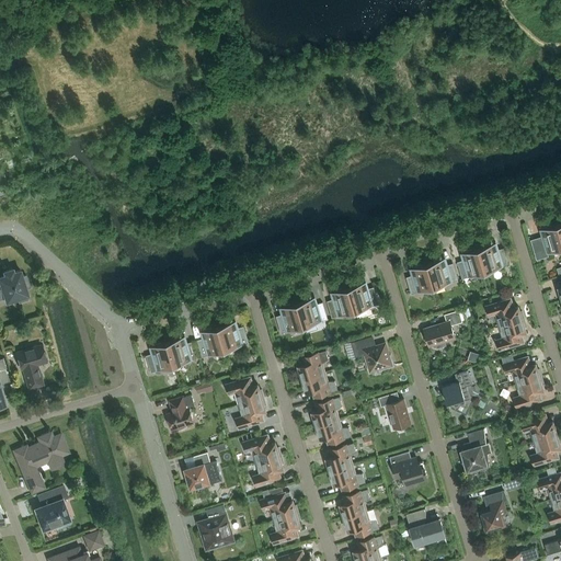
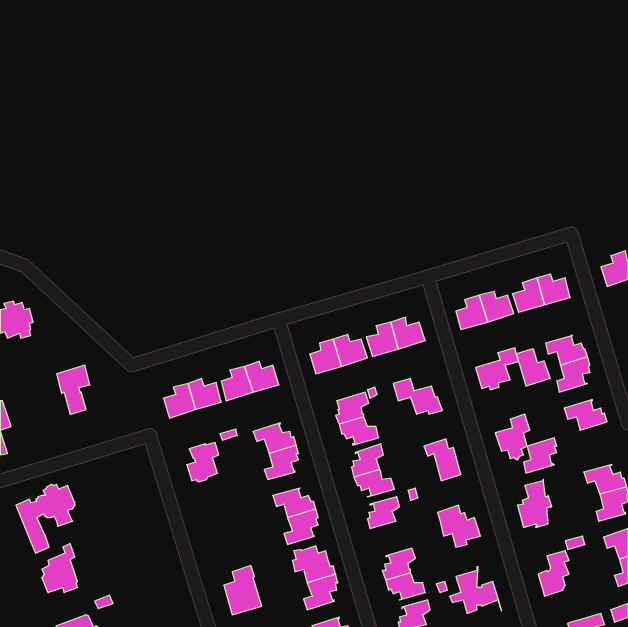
building: none -> [516,349,550,386]
building: [16,345,46,389] -> [57,365,90,414]
building: [514,377,543,409] -> [524,438,557,473]
building: [185,453,222,493] -> none
building: [330,466,366,490] -> none

